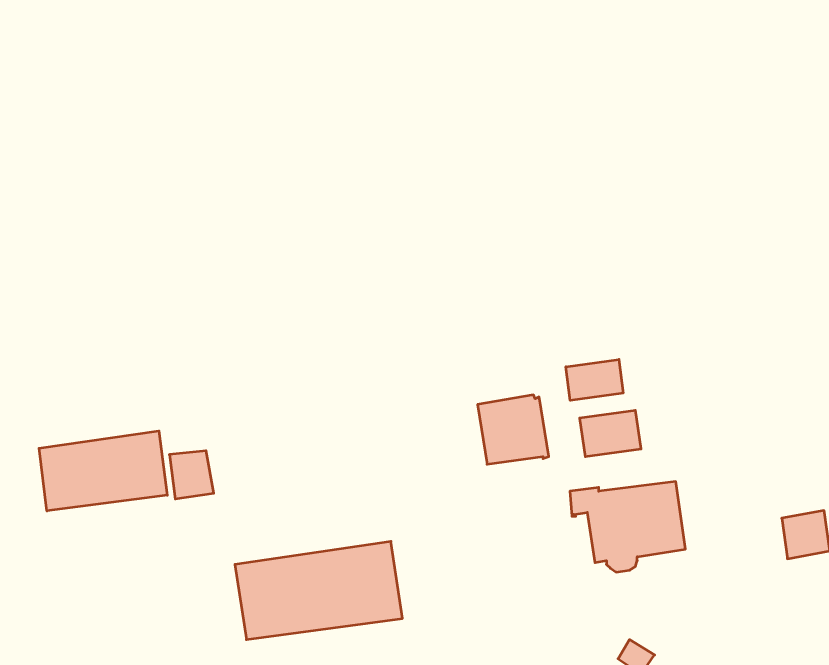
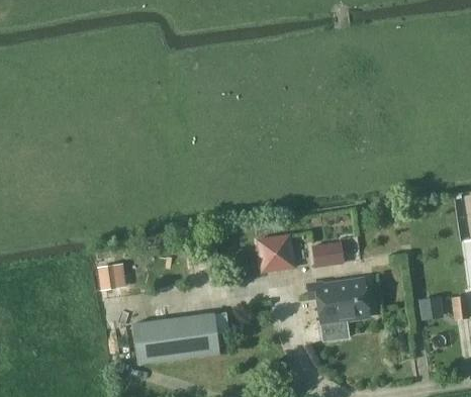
building: [566,359,623,400] -> none
building: [39,431,167,511] -> none

